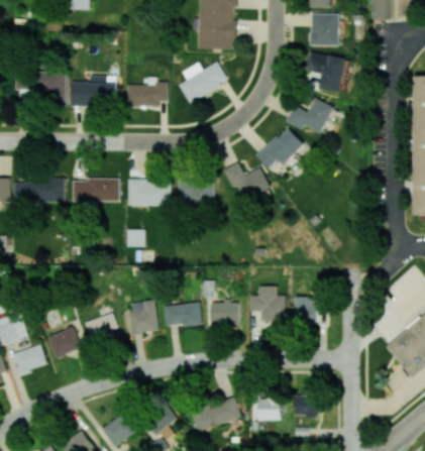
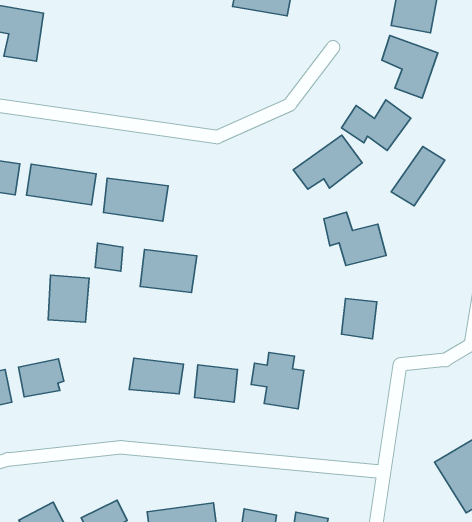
building: [179,62,229,104] -> none
building: [71,76,117,105] -> none
building: [127,78,169,106] -> none
building: none -> [391,147,445,206]
building: [224,162,272,200] -> [324,212,386,266]
building: [178,180,215,207] -> [140,249,197,293]
building: [293,297,316,323] -> [342,299,377,339]
building: [128,301,157,334] -> [48,275,89,322]

